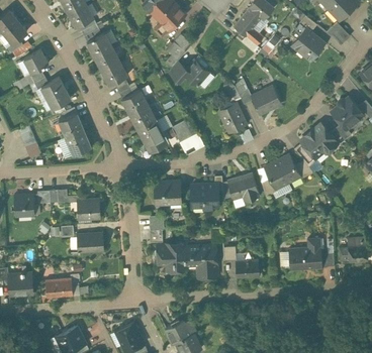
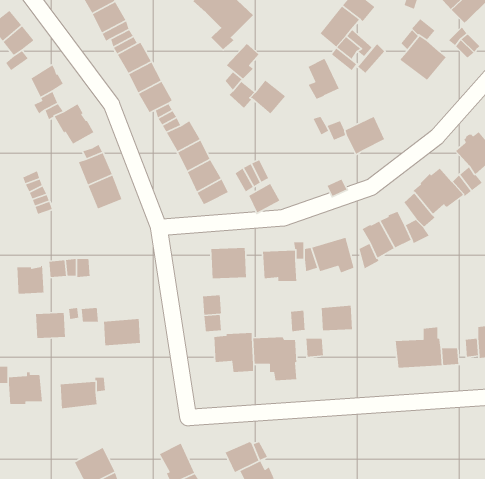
building: [223,103,247,133] -> [308,58,340,100]
building: [78,200,100,219] -> [35,312,66,339]
building: [236,259,259,278] -> [321,305,353,331]

